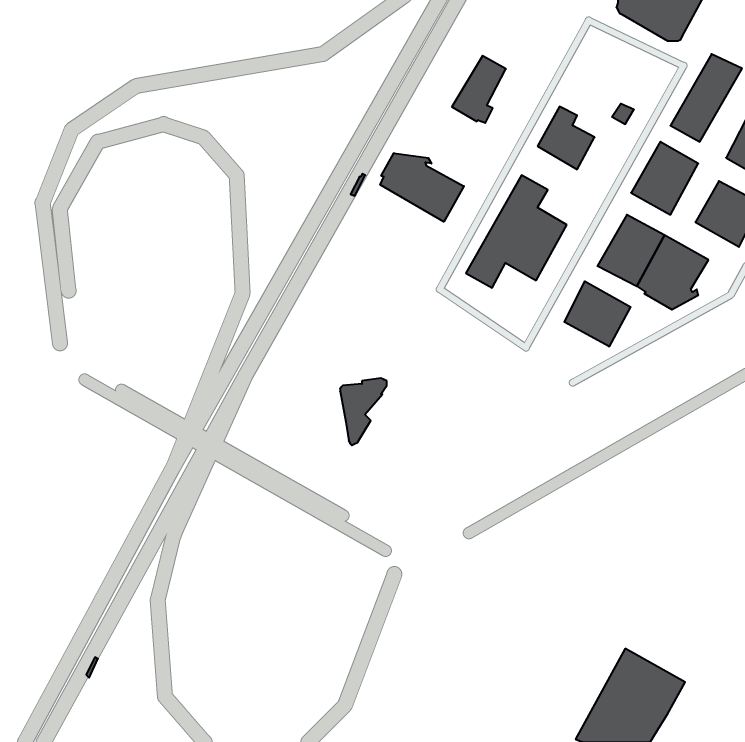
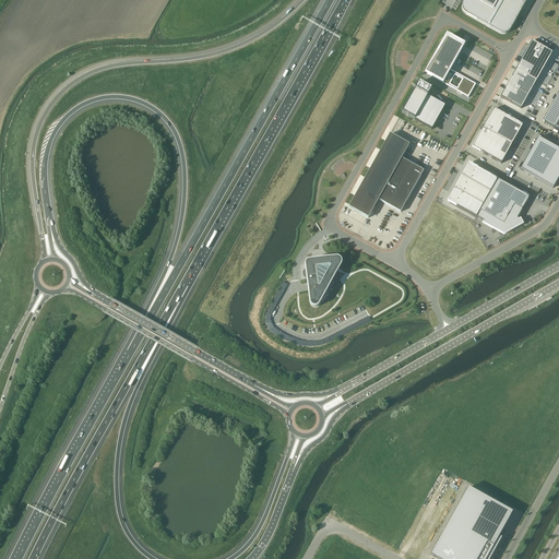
building: [452,56,506,123] -> [425,31,465,81]
building: [380,153,464,222] -> none
building: [564,281,631,347] -> none
building: [340,378,387,445] -> [307,254,342,305]

